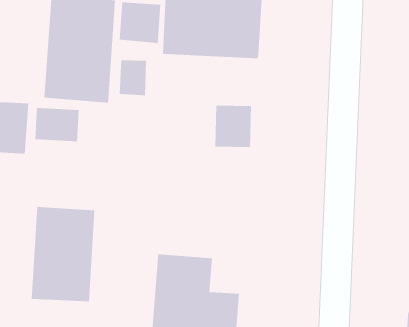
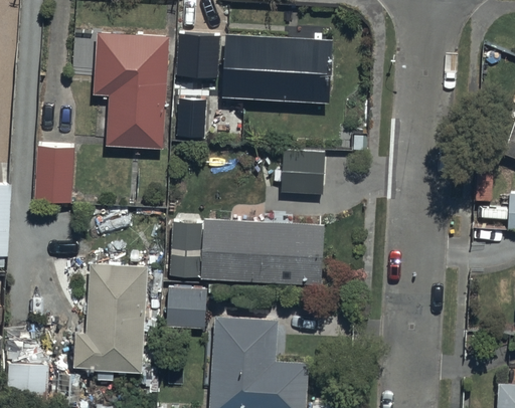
building: [35,107,79,142] -> none
building: none -> [172,214,325,285]
building: none -> [167,292,206,334]

